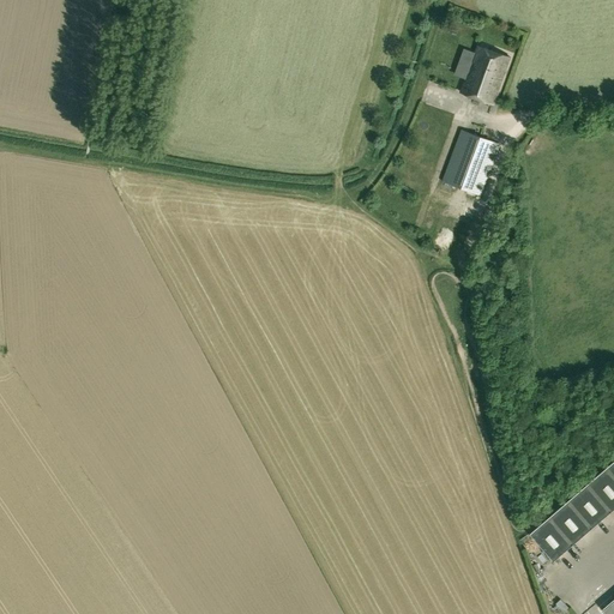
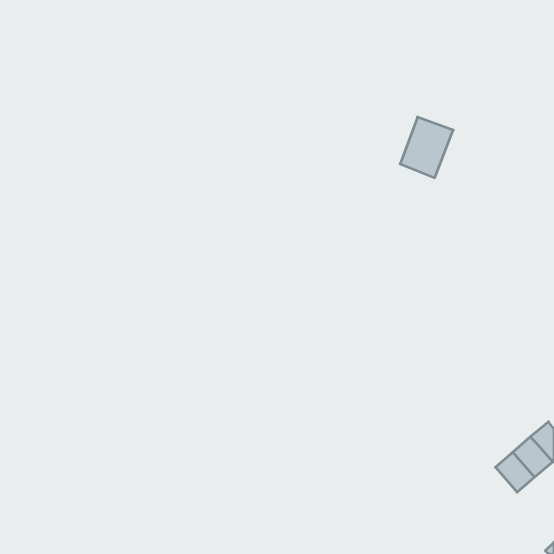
building: [462,46,511,104] -> none
building: [529,517,572,561] -> none

